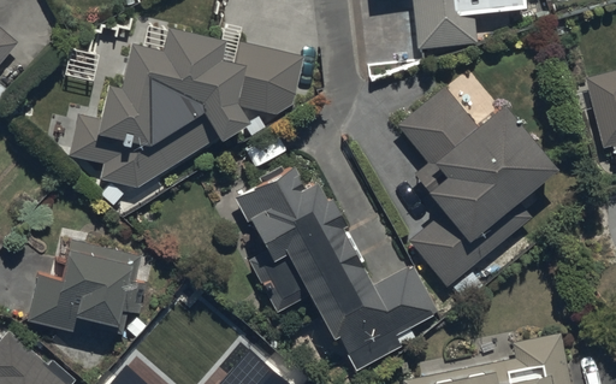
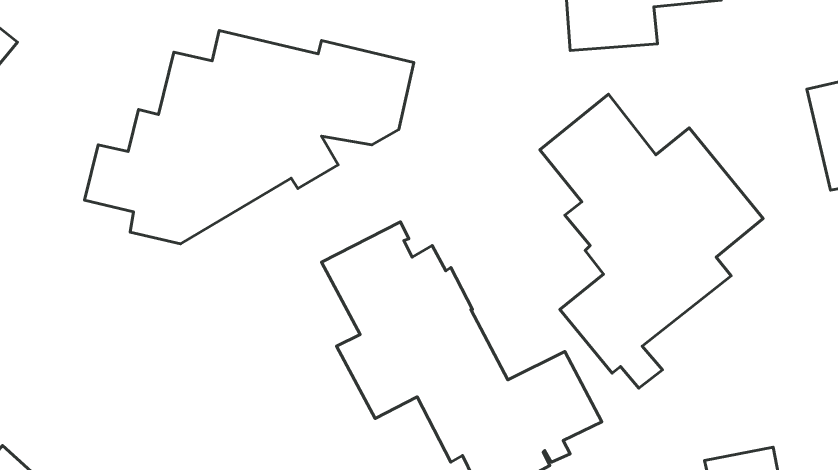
building: [26,242,142,335] -> none

